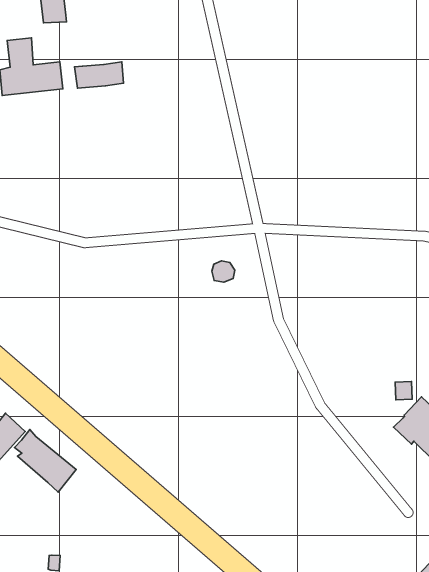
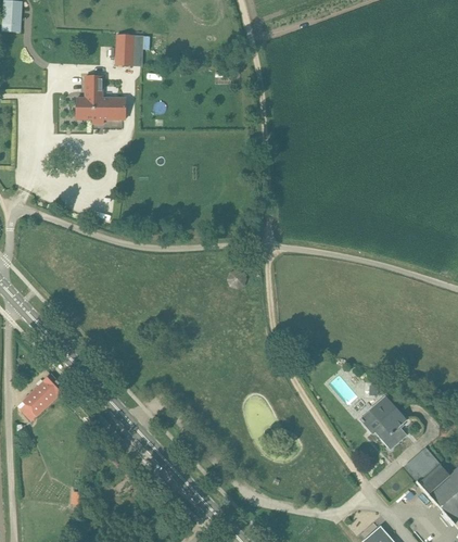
building: [74,62,123,88] -> none
building: [14,429,76,492] -> none

